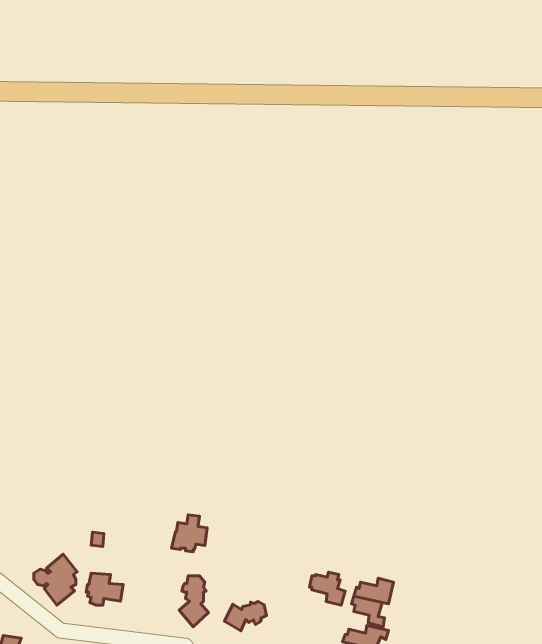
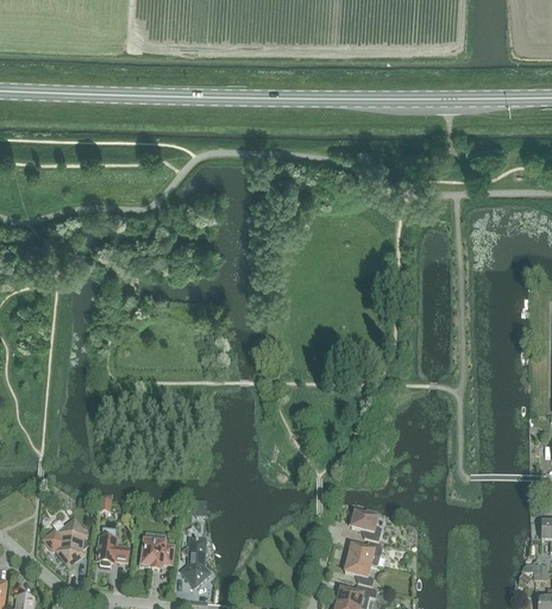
building: [172,515,207,552] -> [139,533,173,567]
building: [309,572,345,605] -> [349,509,382,540]
building: [225,601,267,631] -> none

